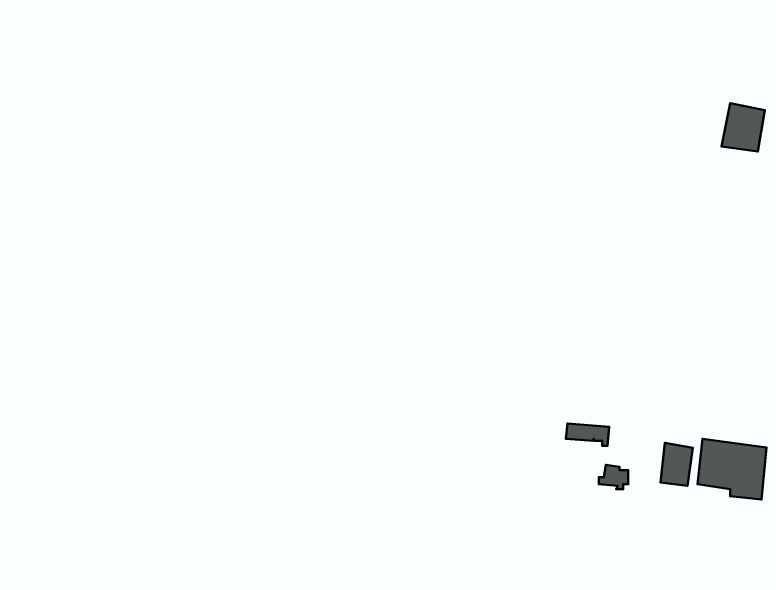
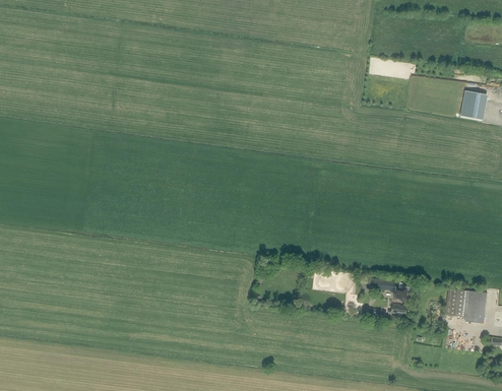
building: [660,443,693,486] -> none

